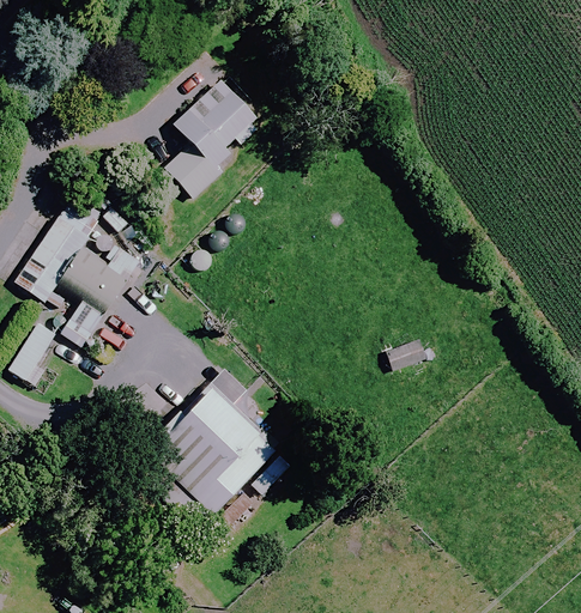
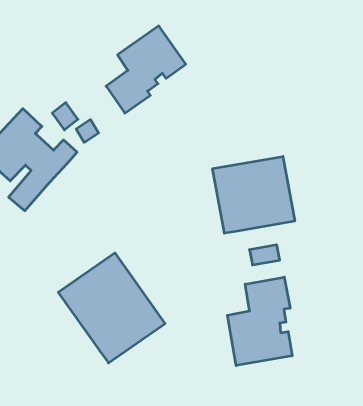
building: none -> [213,156,295,233]
building: none -> [227,277,292,366]

